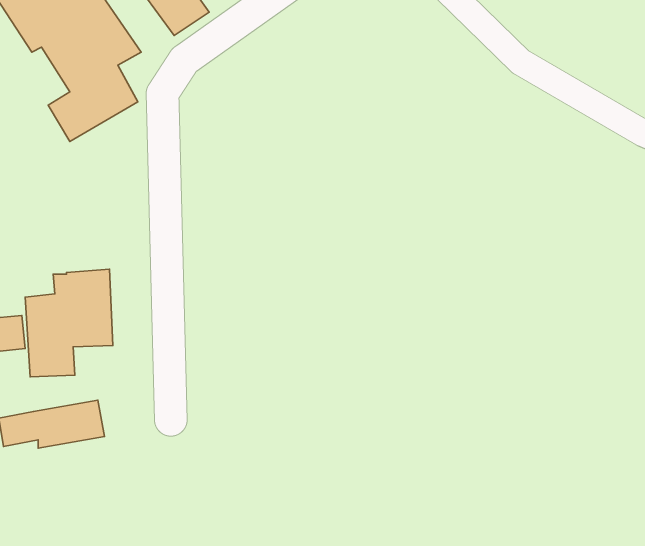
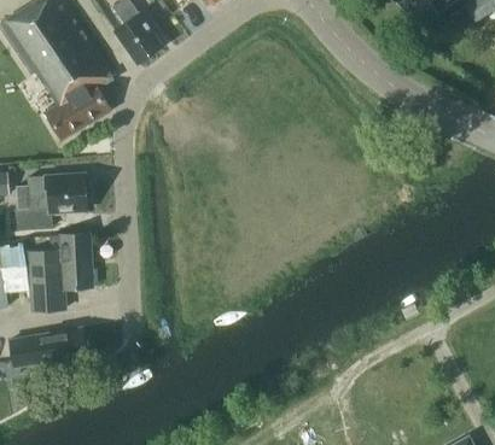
building: none -> [14,172,89,228]

